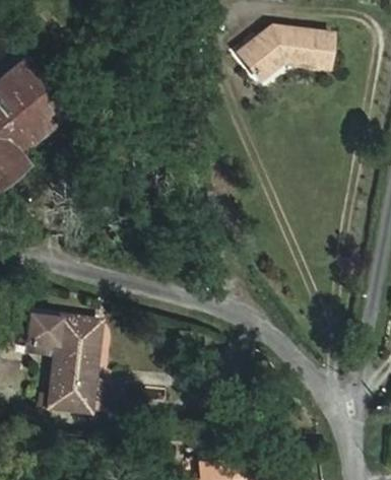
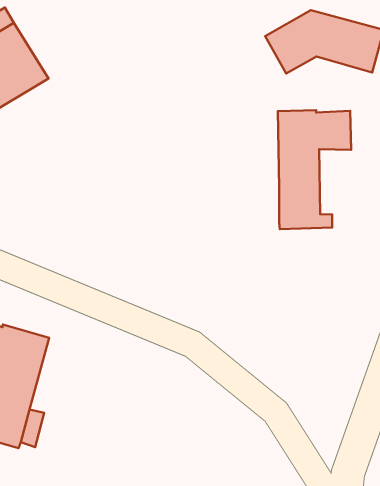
building: none -> [278,110,351,229]

